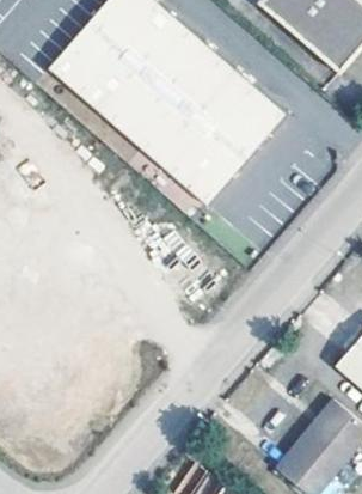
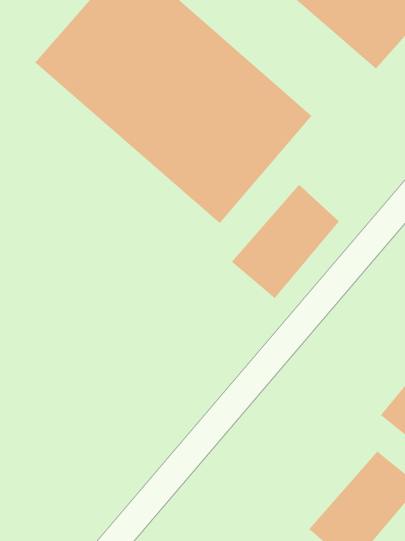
building: none -> [231,184,340,299]

